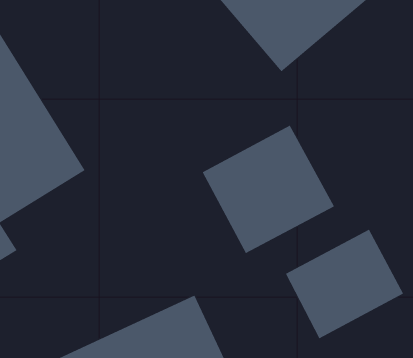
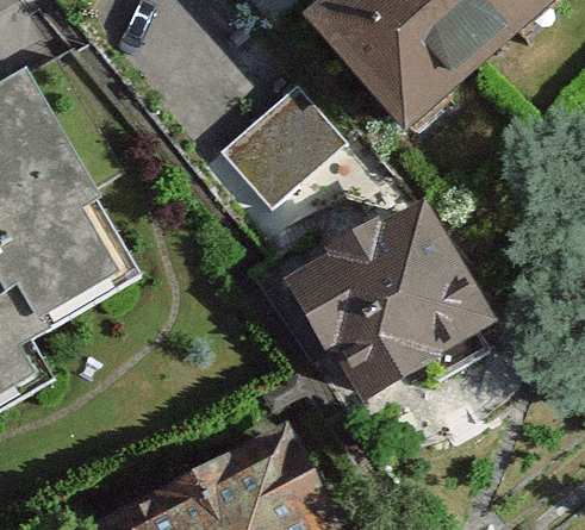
building: none -> [214,74,351,208]
building: [285,229,404,339] -> none

